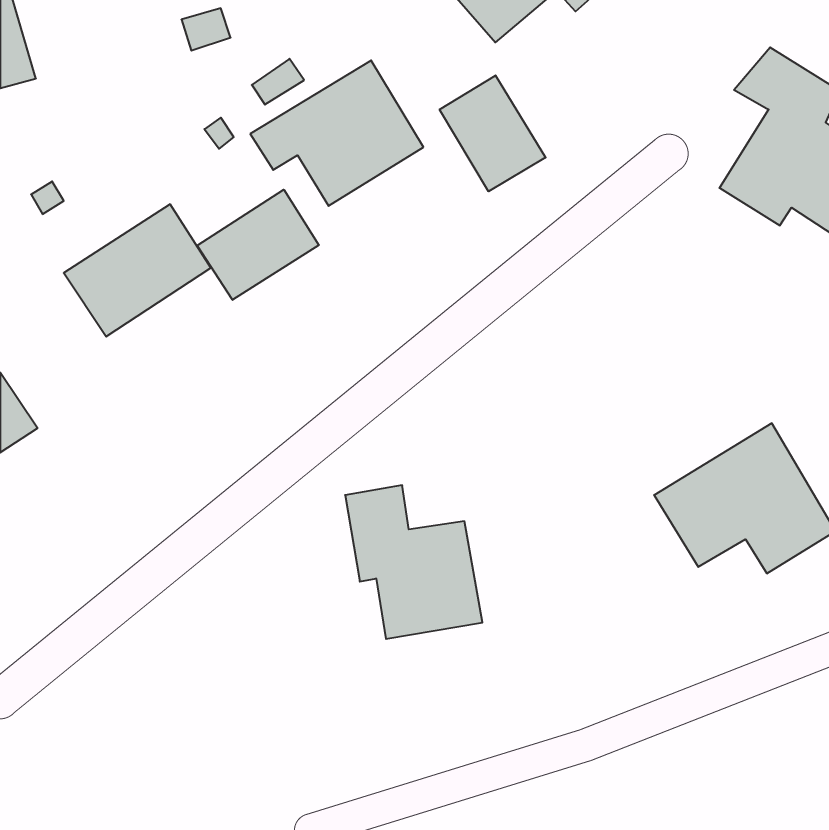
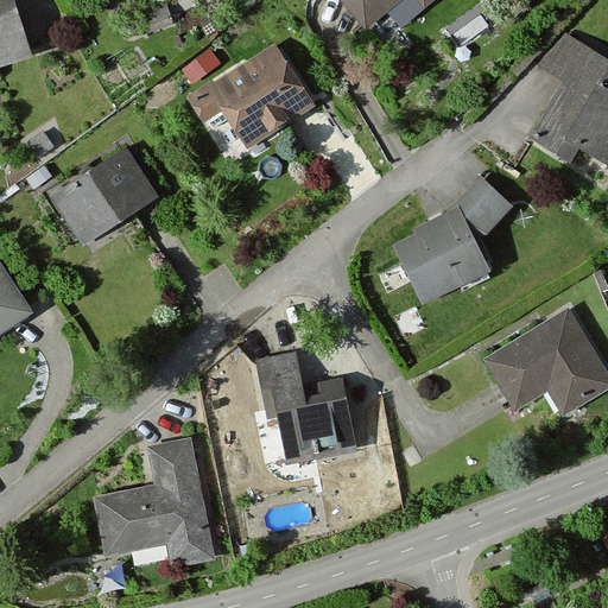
building: [440,75,546,191] -> none
building: [197,190,319,300] -> none
building: none -> [393,177,511,305]
building: none -> [93,436,213,565]

